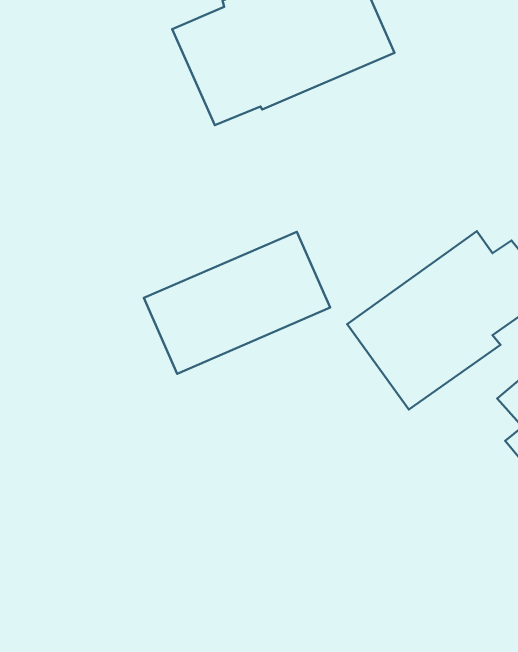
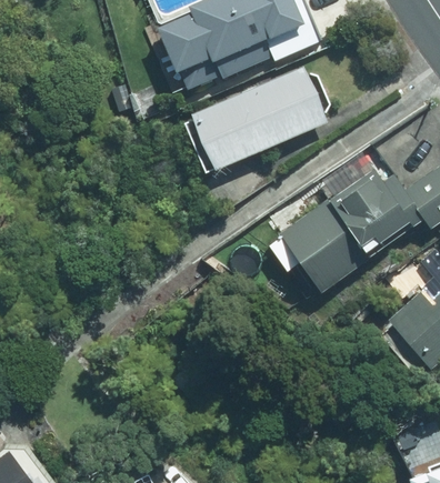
building: [144,232,330,374] -> [196,69,327,169]

